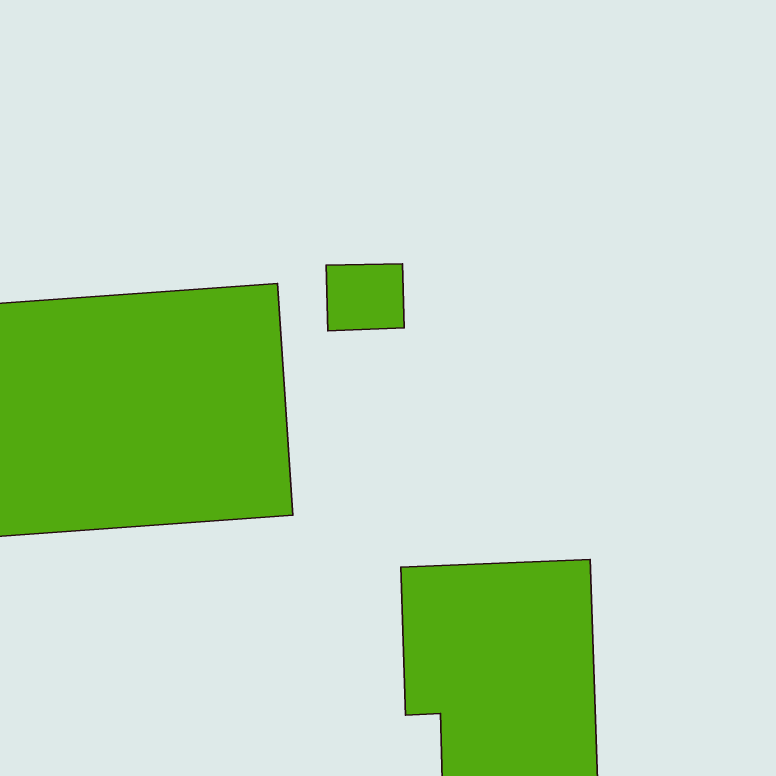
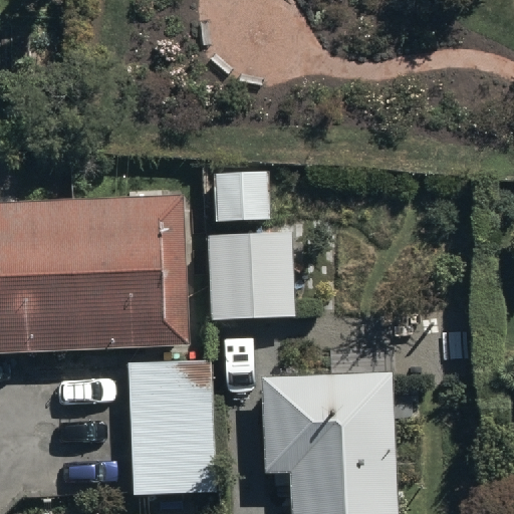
building: none -> [211,234,296,319]
building: none -> [121,357,213,499]

